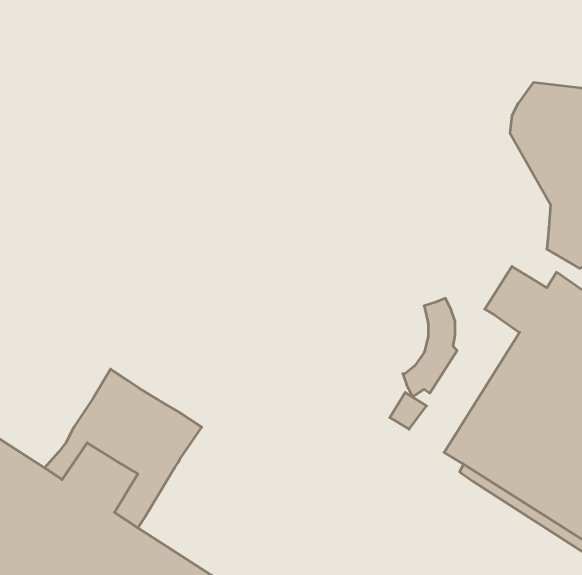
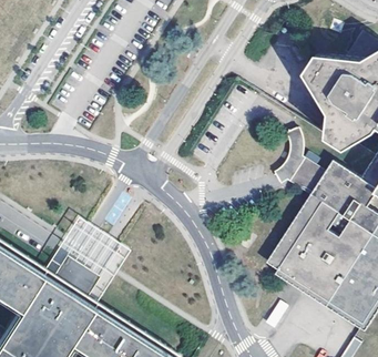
building: [403,298,457,397] -> [276,129,307,185]

